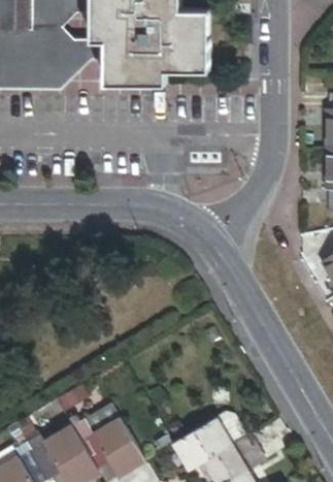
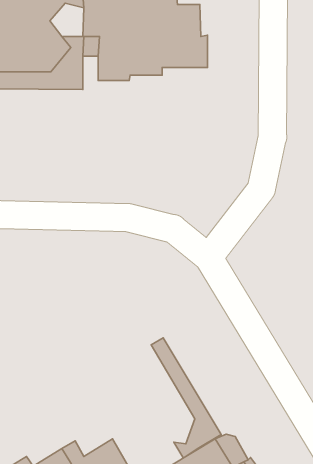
building: none -> [151,338,221,458]

